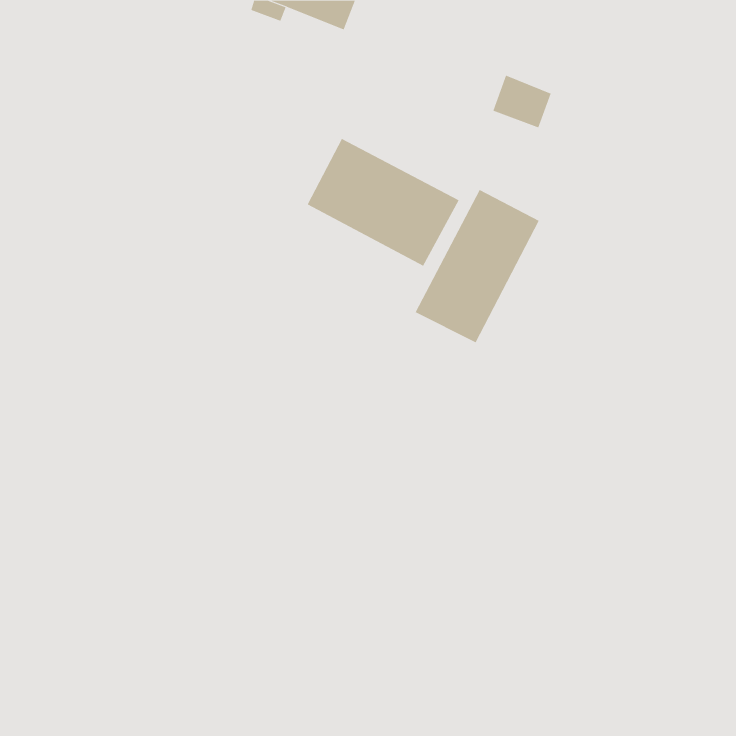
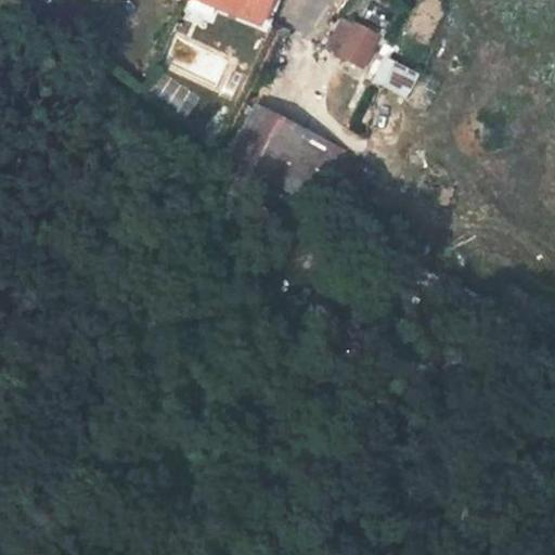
building: none -> [324,17,379,69]
building: [415,189,539,343] -> none

